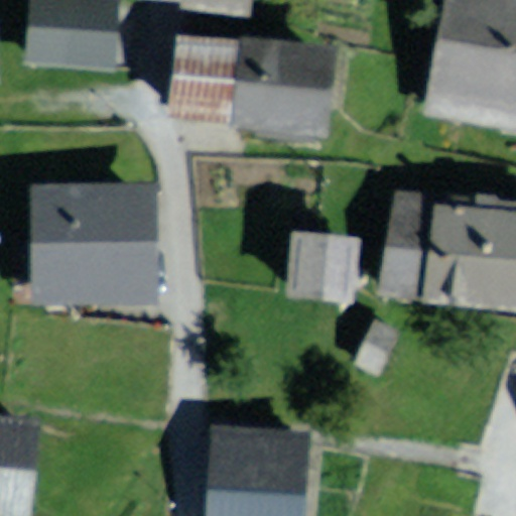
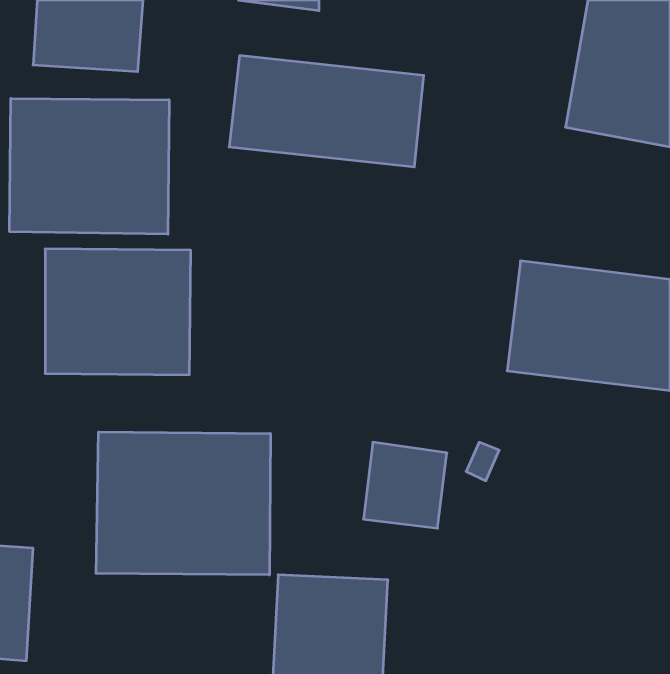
building: none -> [10,98,169,234]
building: [284,228,348,293] -> [363,442,447,528]
building: none -> [96,432,270,575]

